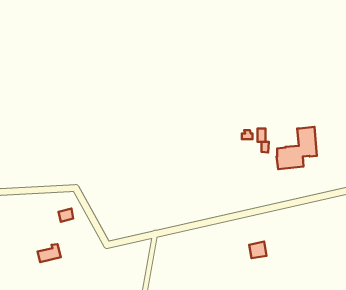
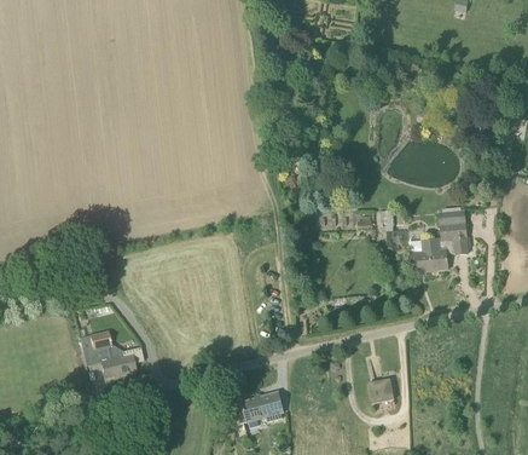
building: [38,244,61,262] -> [101,351,135,378]
building: none -> [239,392,283,422]

